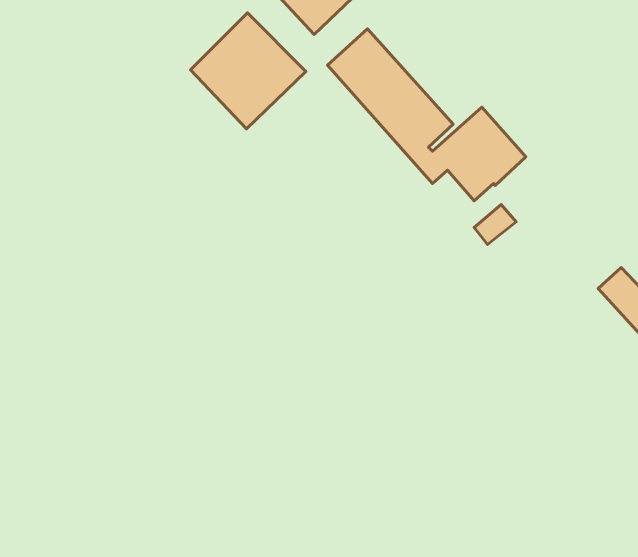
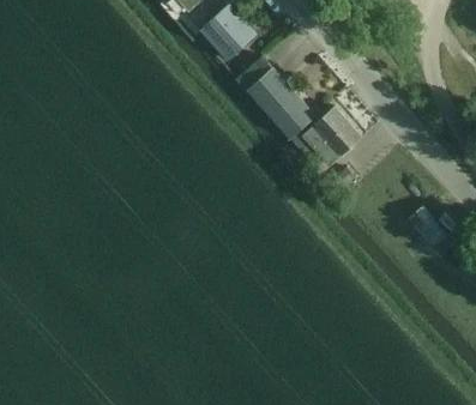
building: [190,13,306,129] -> none

